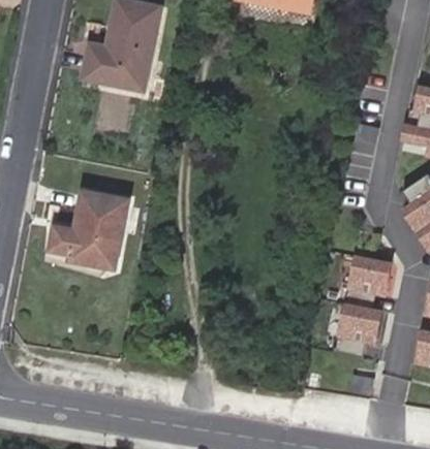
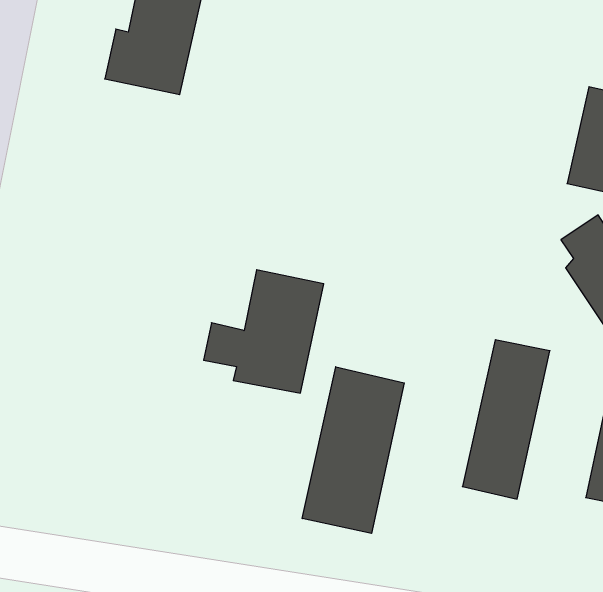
building: [52,191,131,272] -> [204,270,324,393]
building: none -> [302,367,404,533]

